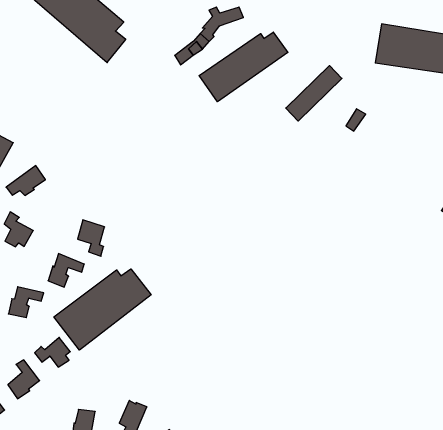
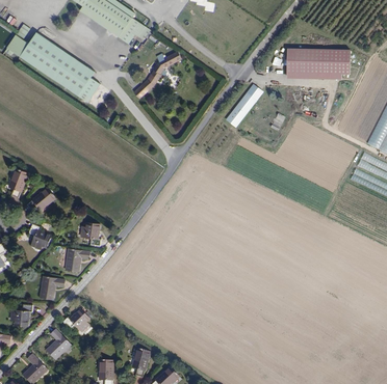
building: [199,32,288,102] -> none
building: [54,269,151,350] -> none

